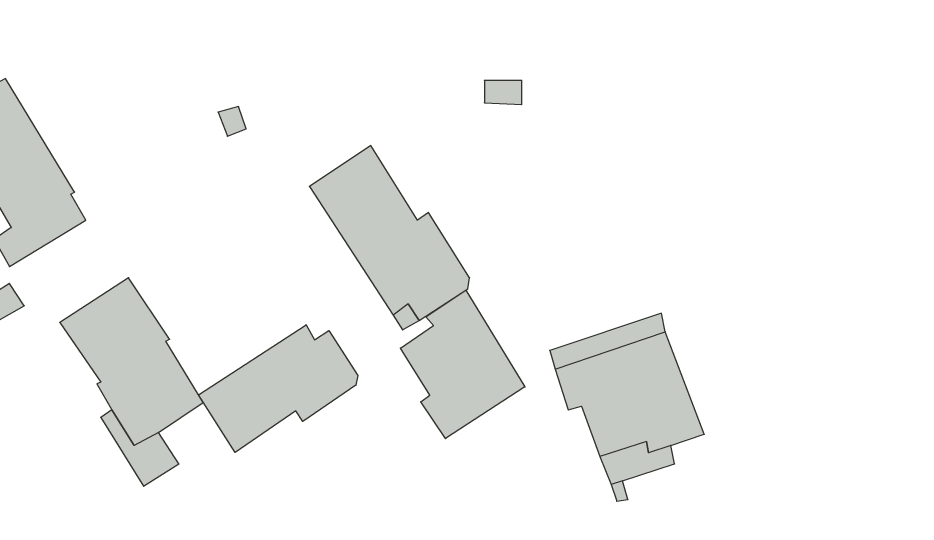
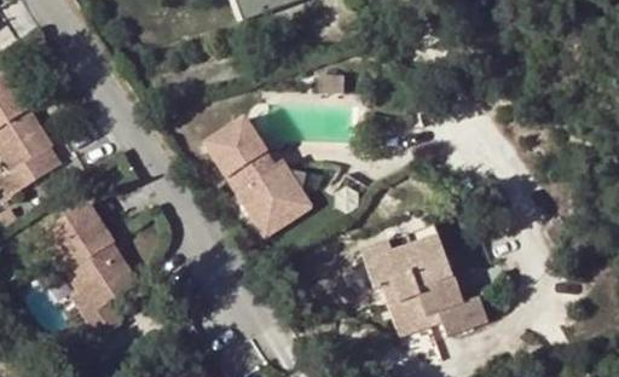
building: [400,290,525,439] -> none
building: [198,325,358,452] -> none
building: none -> [440,296,490,335]

